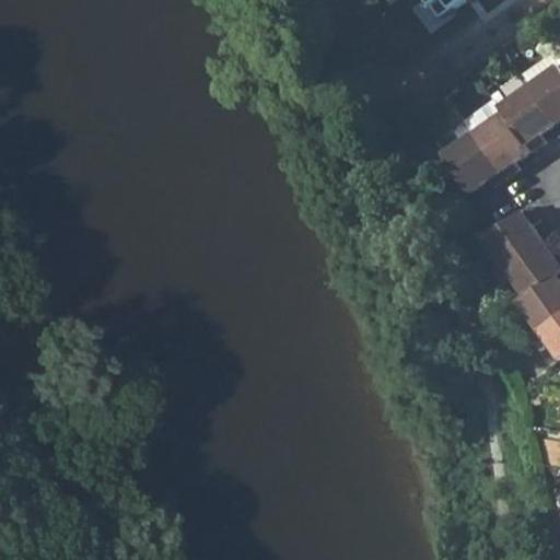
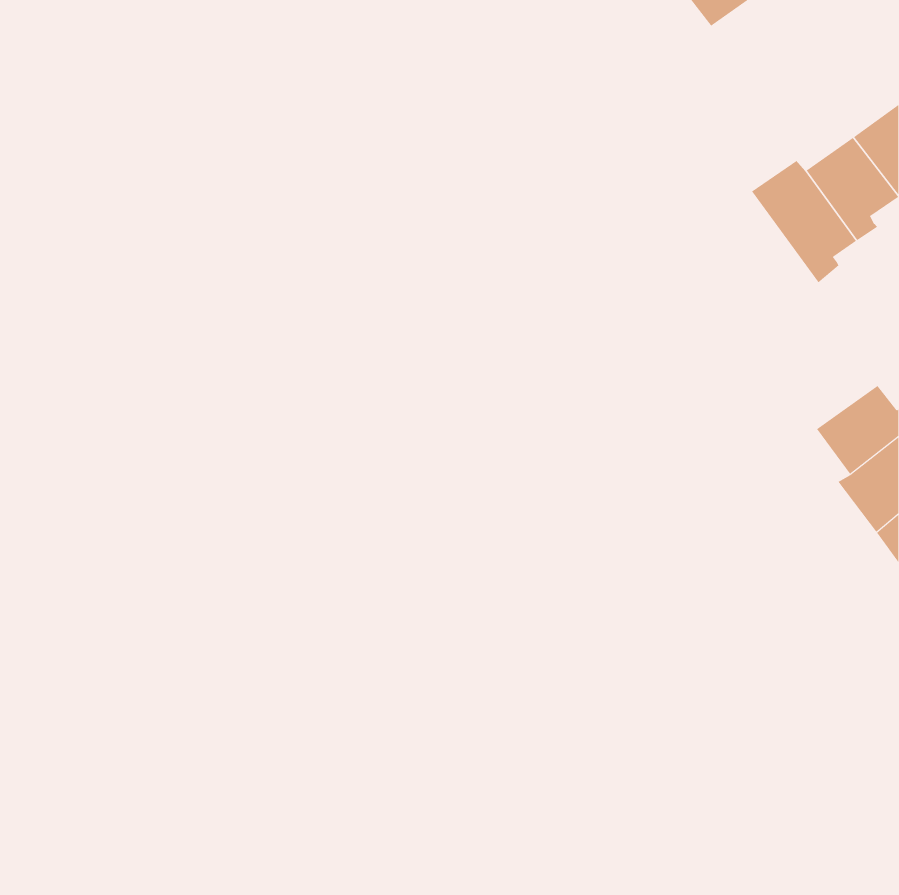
building: [436,119,509,192] -> none
building: [487,206,546,267] -> none

